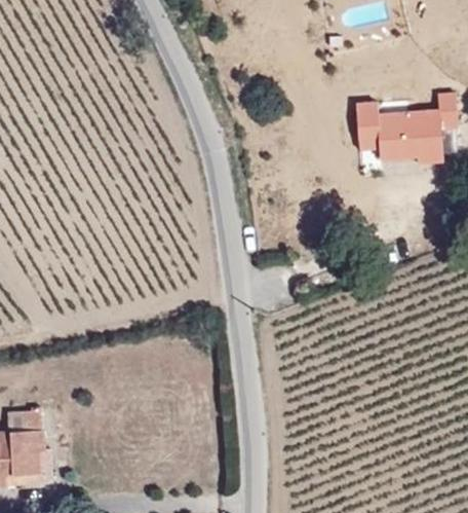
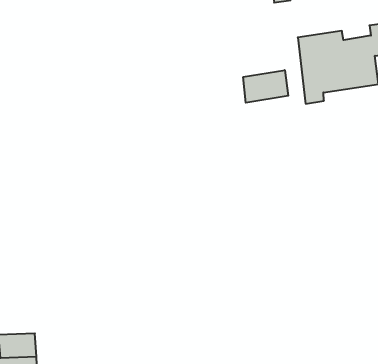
building: none -> [243,70,288,103]

